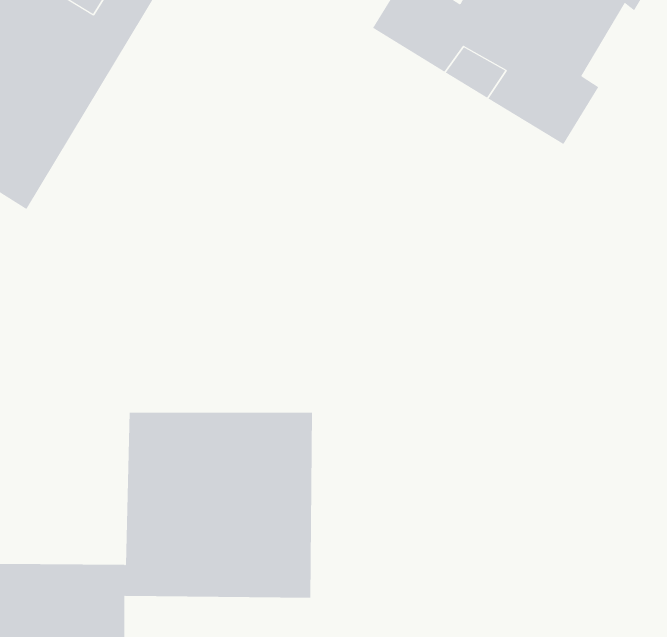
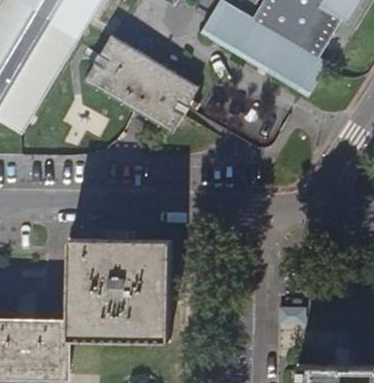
building: none -> [85,33,198,129]

